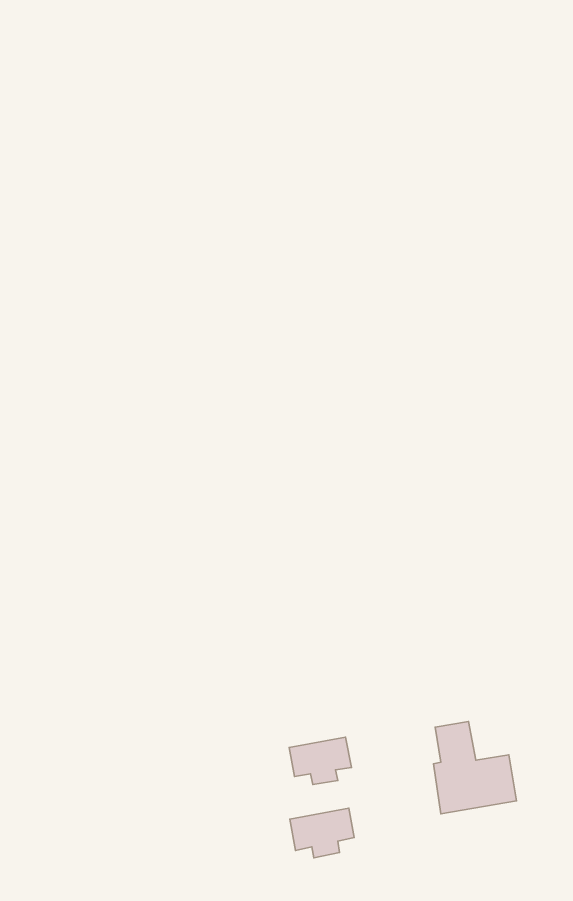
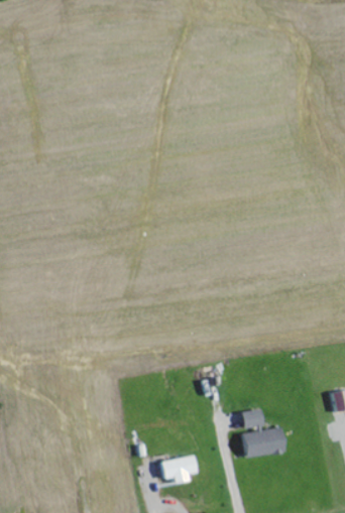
building: [289,737,352,785] -> none

